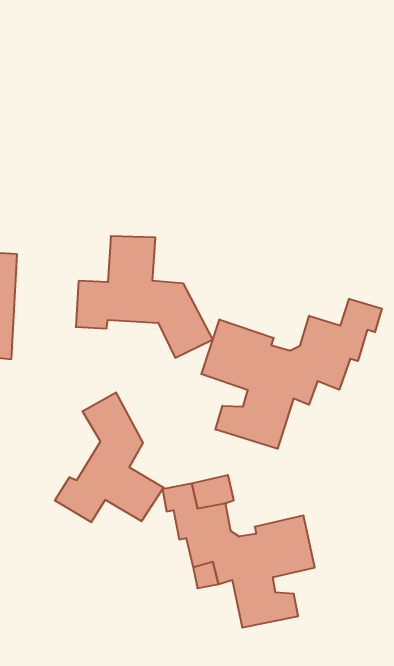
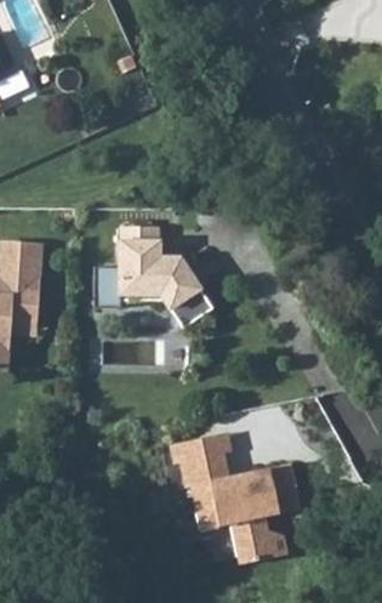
building: [201,299,382,449] -> none
building: [55,392,164,522] -> none

